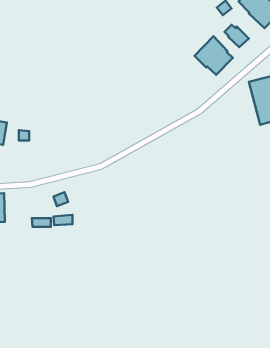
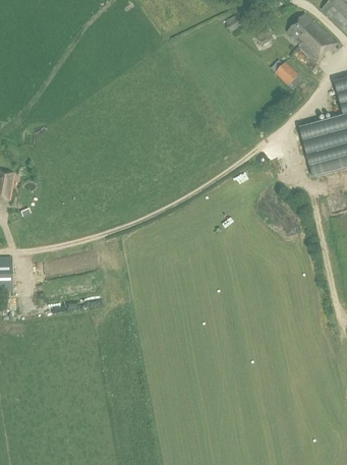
building: [195,36,233,75] -> none

